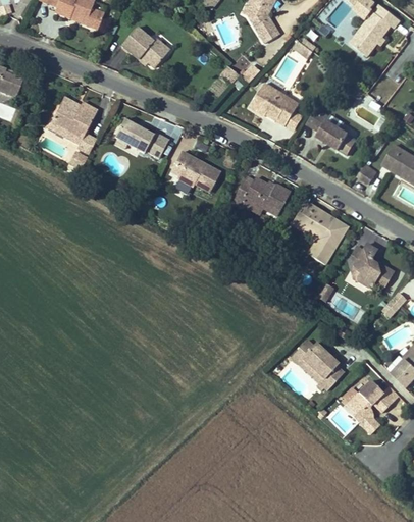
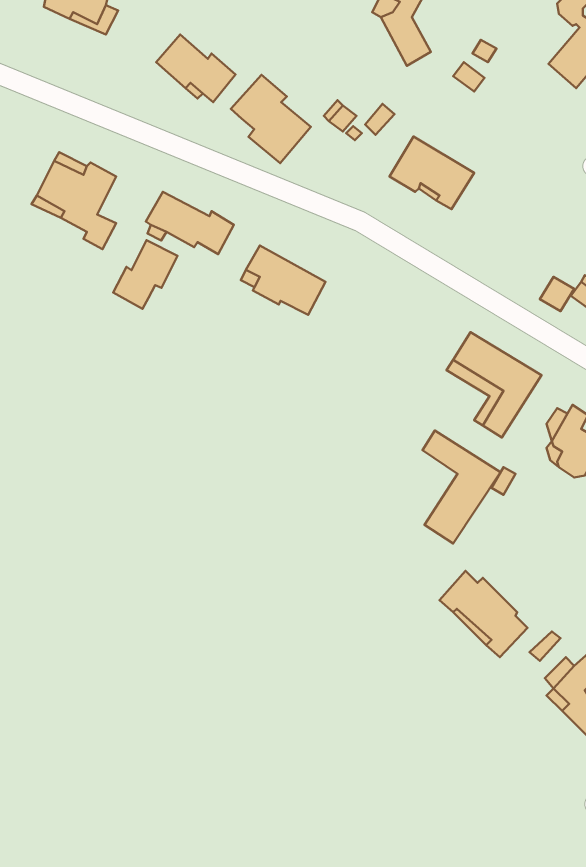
building: none -> [231,75,311,163]
building: [319,112,356,151] -> none
building: none -> [113,240,177,309]
building: [231,173,289,213] -> none
building: none -> [423,431,500,543]

